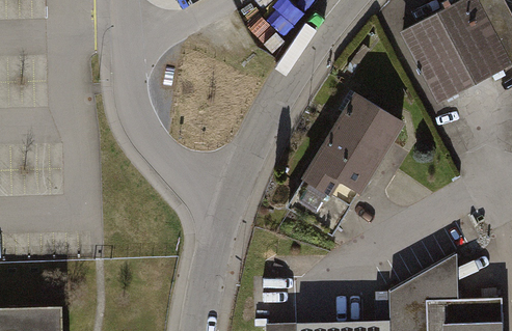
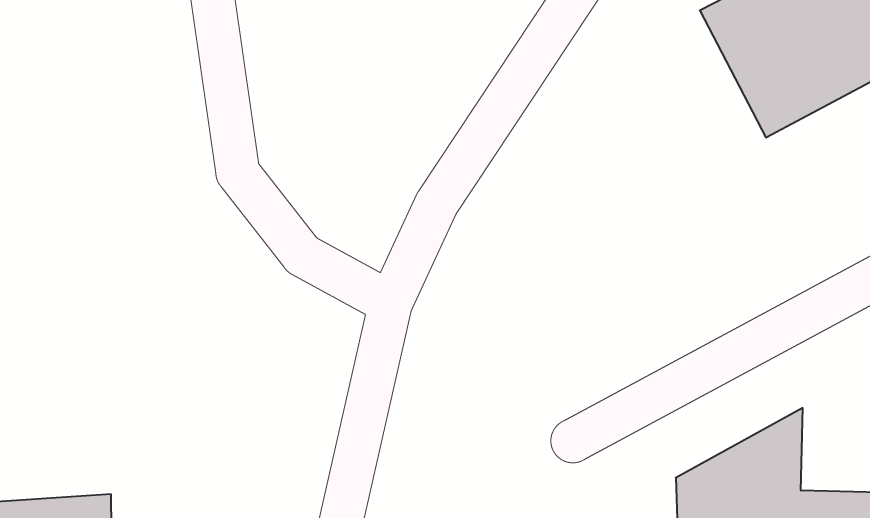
building: [296,91,405,203] -> none

